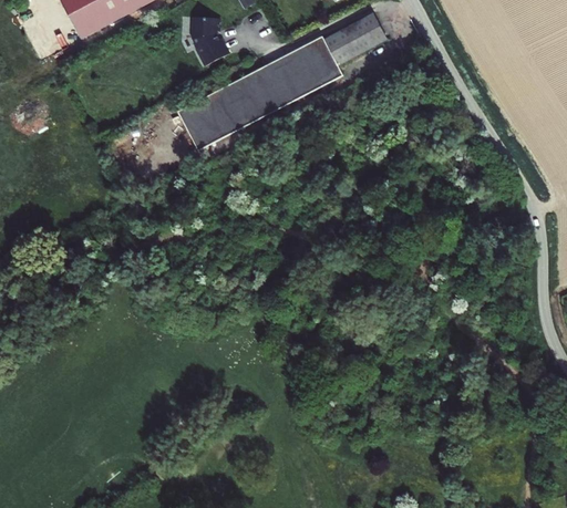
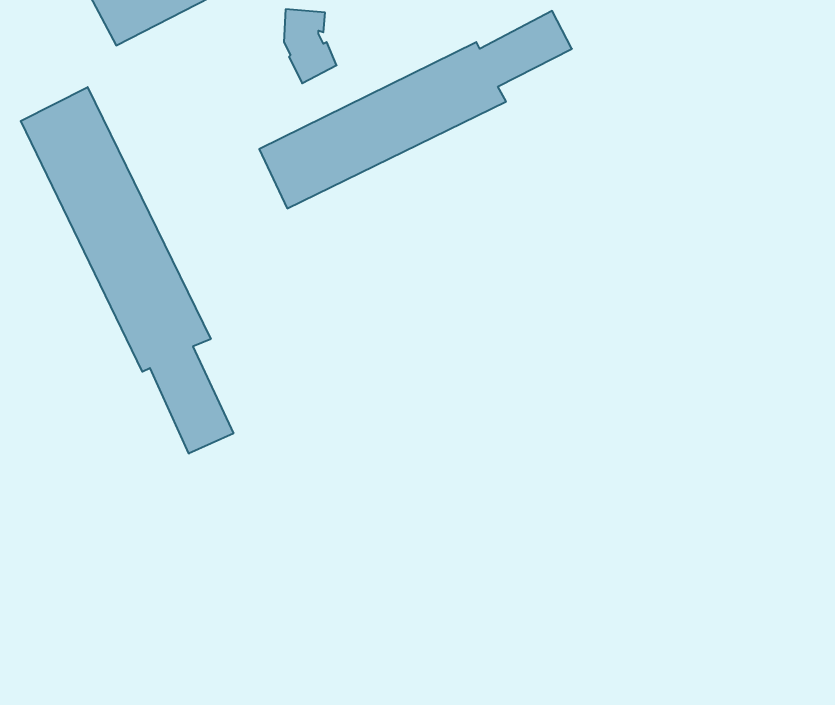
building: none -> [21,87,233,454]

